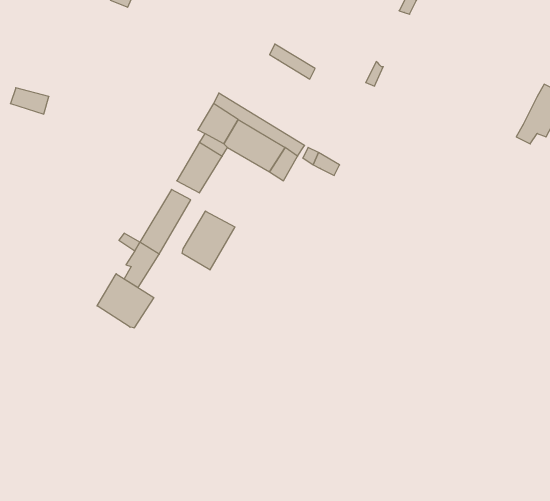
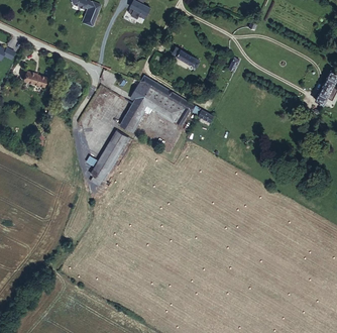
building: [182,211,235,270] -> none
building: [97,274,154,328] -> none

